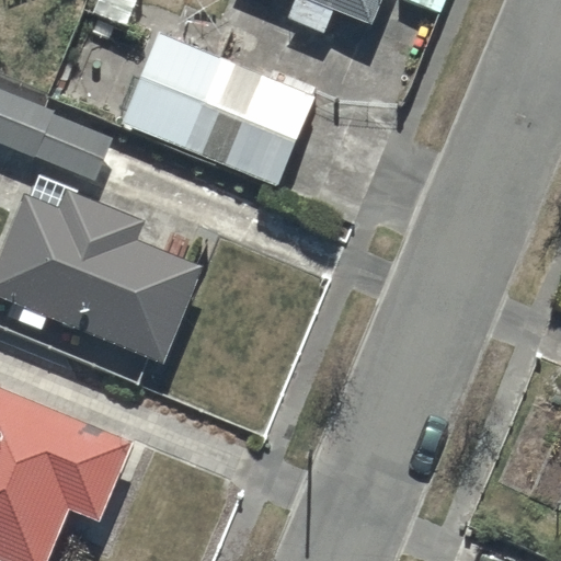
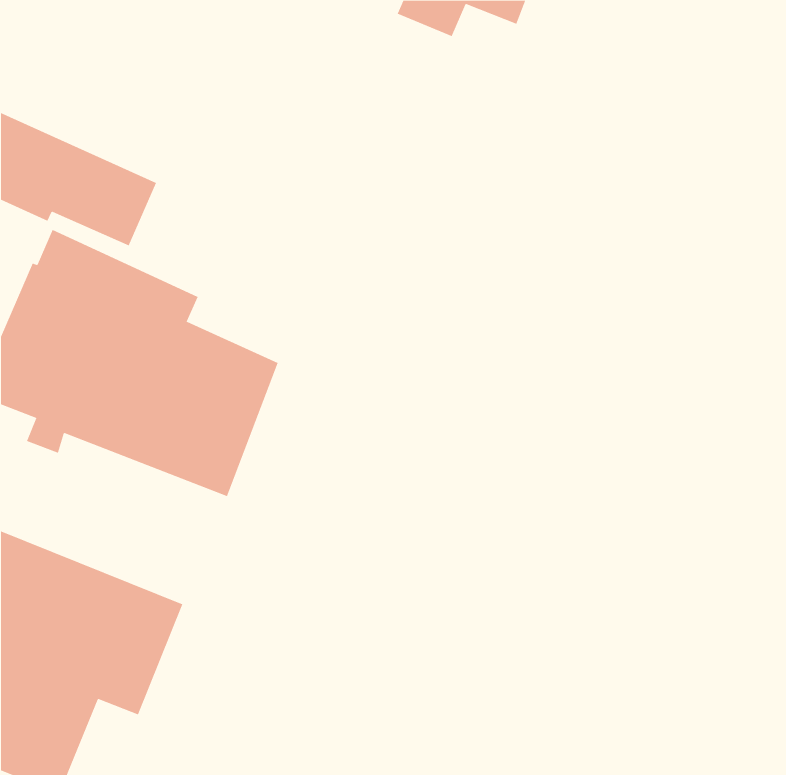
building: [119,34,313,186] -> none

